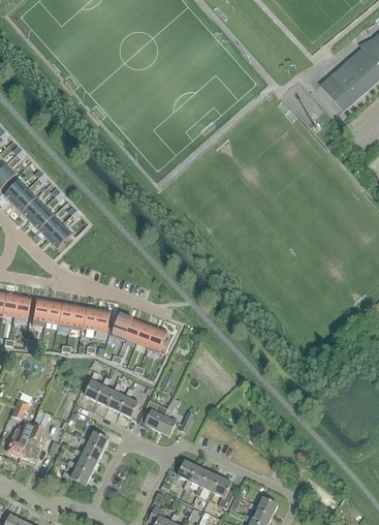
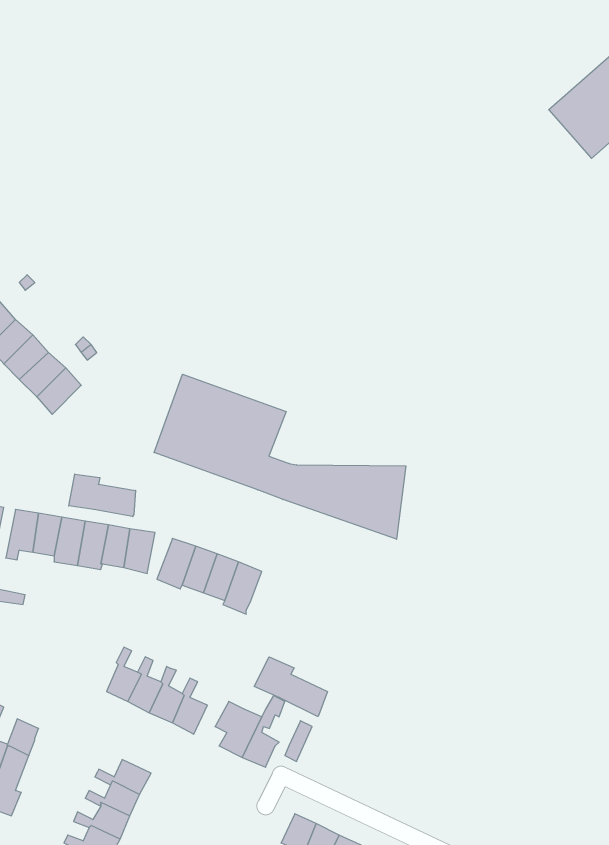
building: none -> [154,374,406,539]
building: none -> [69,474,136,517]
building: none -> [254,657,328,716]

